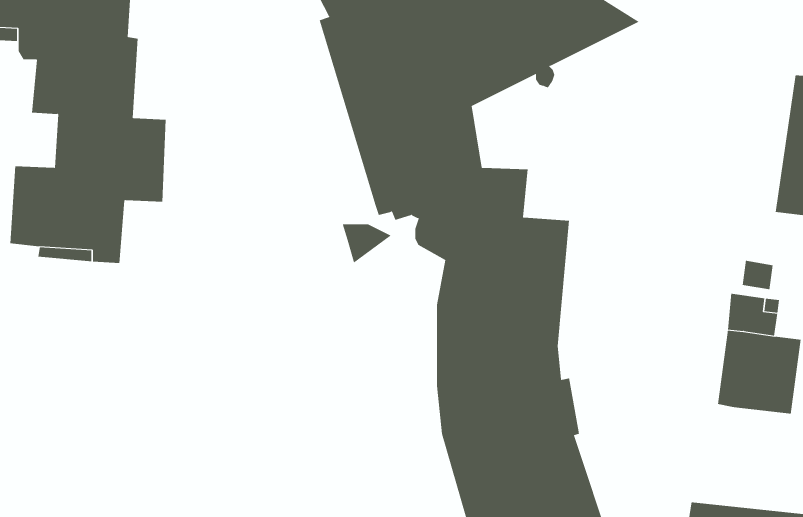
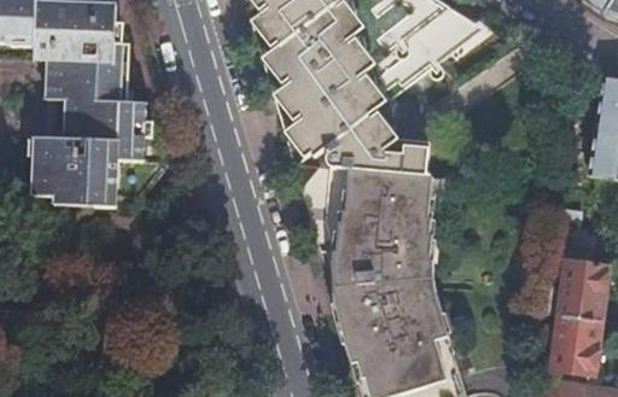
building: none -> [537,313,600,373]

